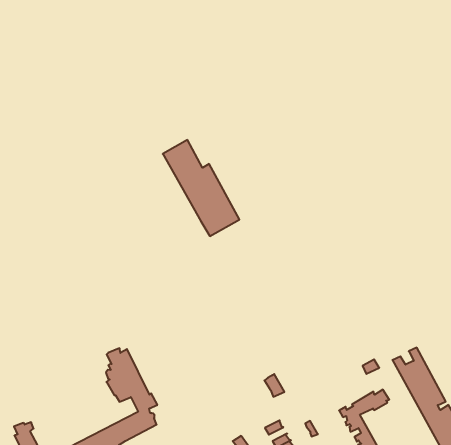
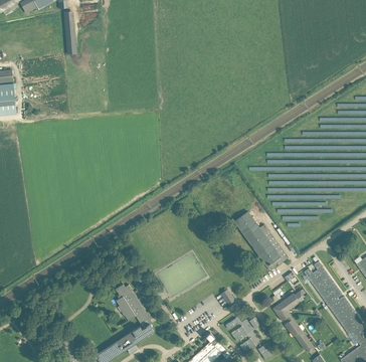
building: [163,140,239,236] -> [232,208,288,269]

